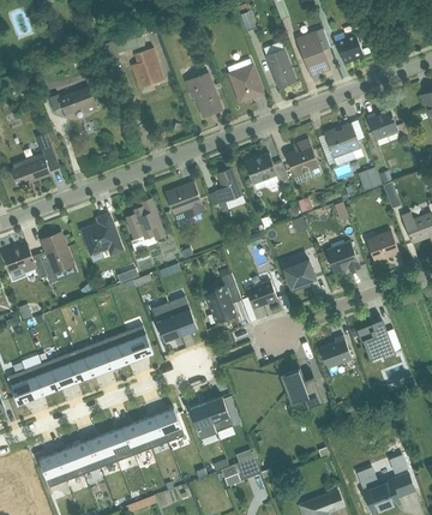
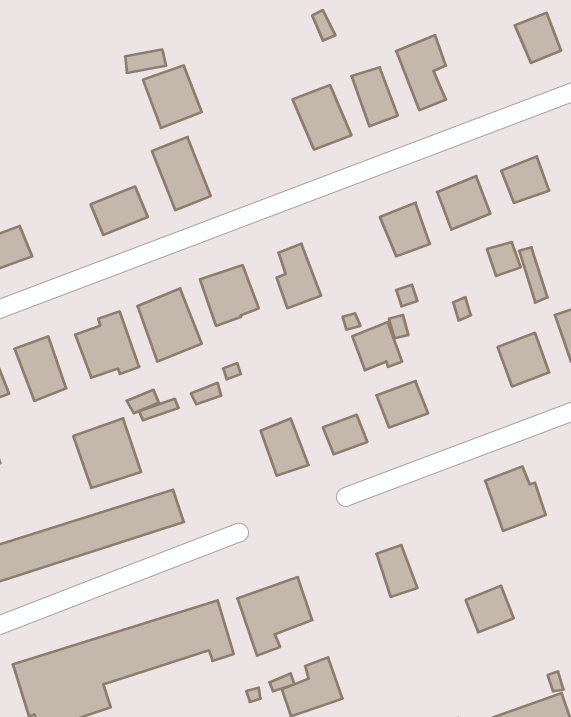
building: [334,30,365,64] -> [515,13,561,63]
building: [184,71,223,120] -> [152,137,211,210]
building: [55,83,94,115] -> [91,187,148,235]
building: [245,151,276,184] -> none
building: [326,241,360,274] -> [352,322,402,370]
building: [150,293,196,340] -> [73,418,141,488]
building: [318,337,350,369] -> [466,586,514,632]

